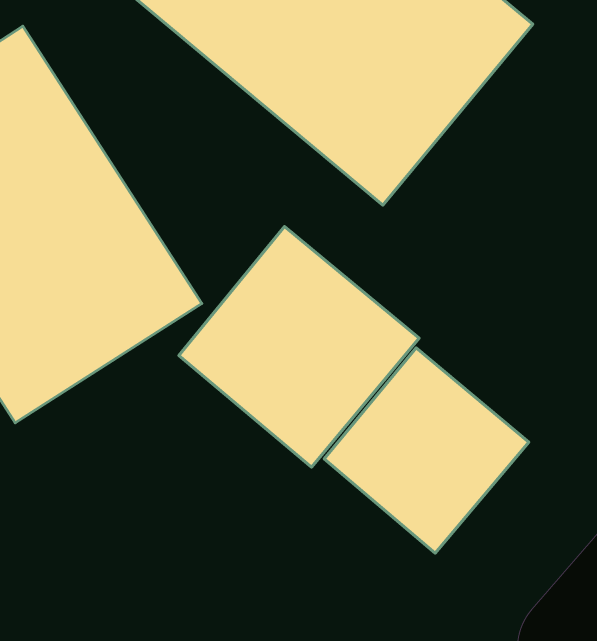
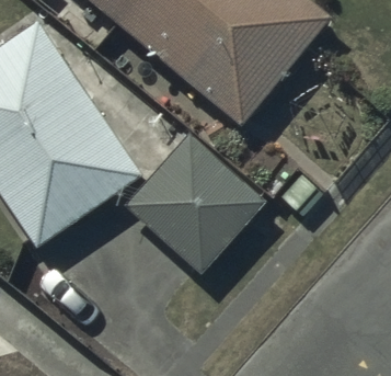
building: [324,348,529,553] -> none

